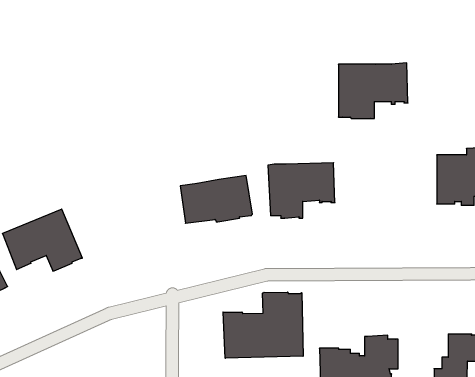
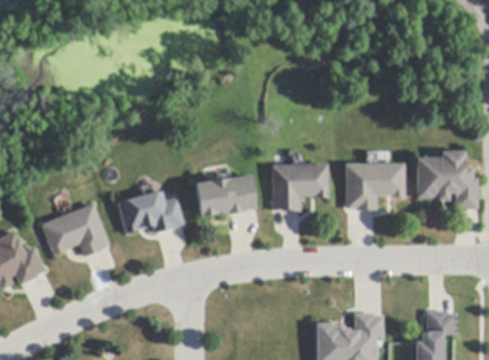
building: [338,63,408,118] -> [346,162,406,210]
building: none -> [119,191,184,234]
building: [223,292,303,358] -> none

